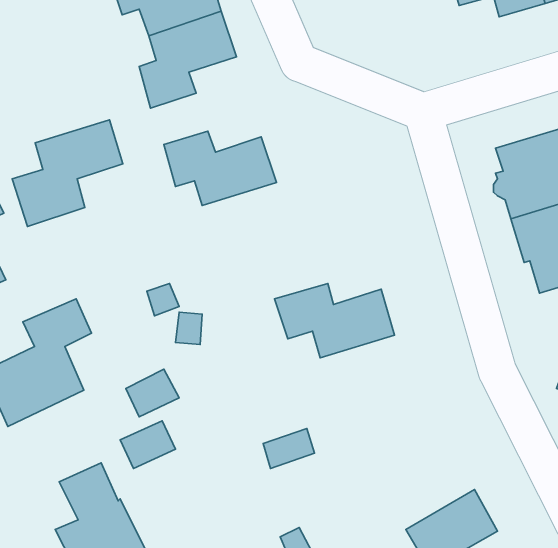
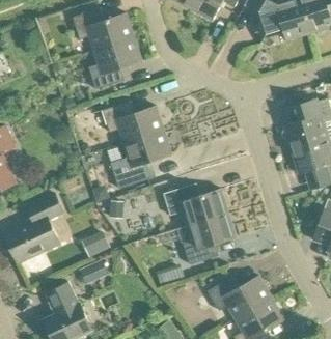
building: [12,120,123,227] -> [111,130,171,188]
building: none -> [183,213,236,264]
building: none -> [208,275,272,318]

